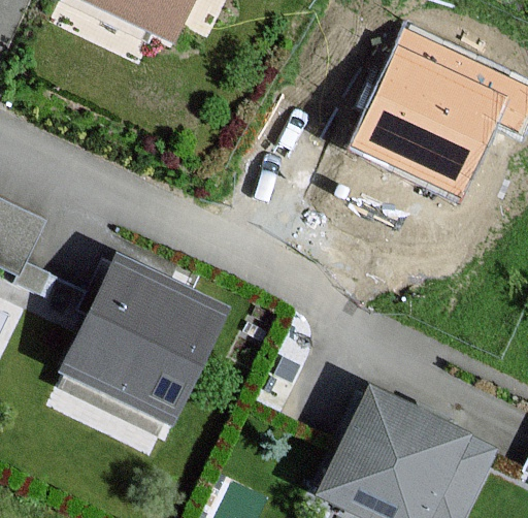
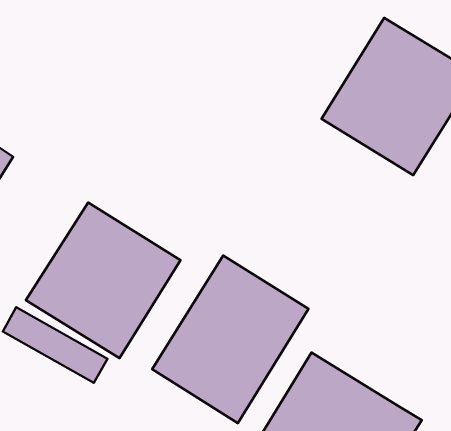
building: none -> [152,256,308,423]

